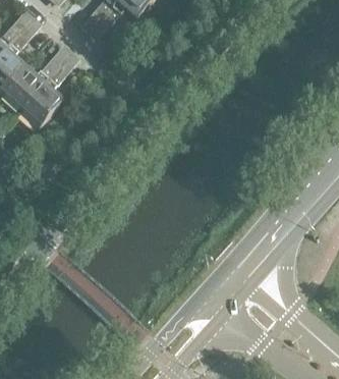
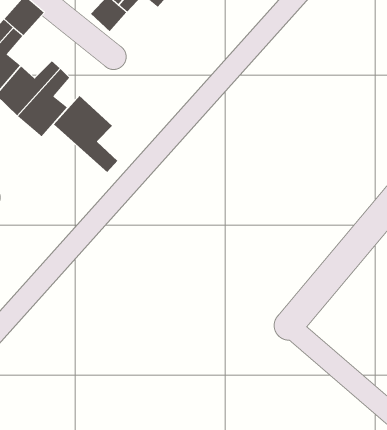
building: [49,43,81,76] -> none
building: none -> [53,95,118,173]

